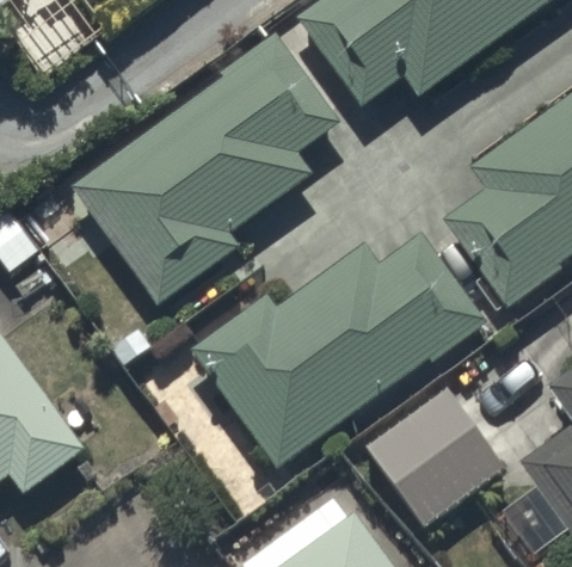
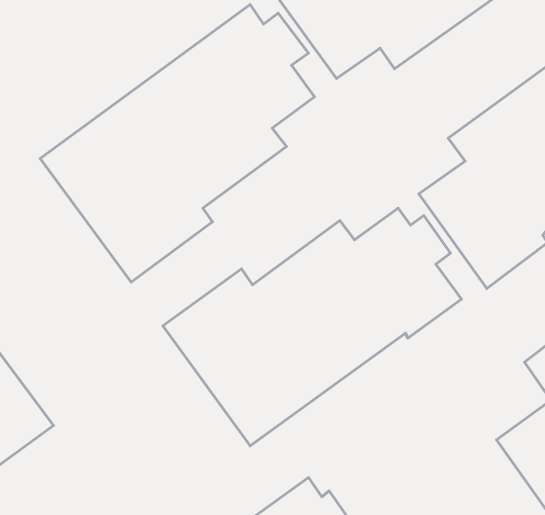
building: [368,388,504,525] -> none

